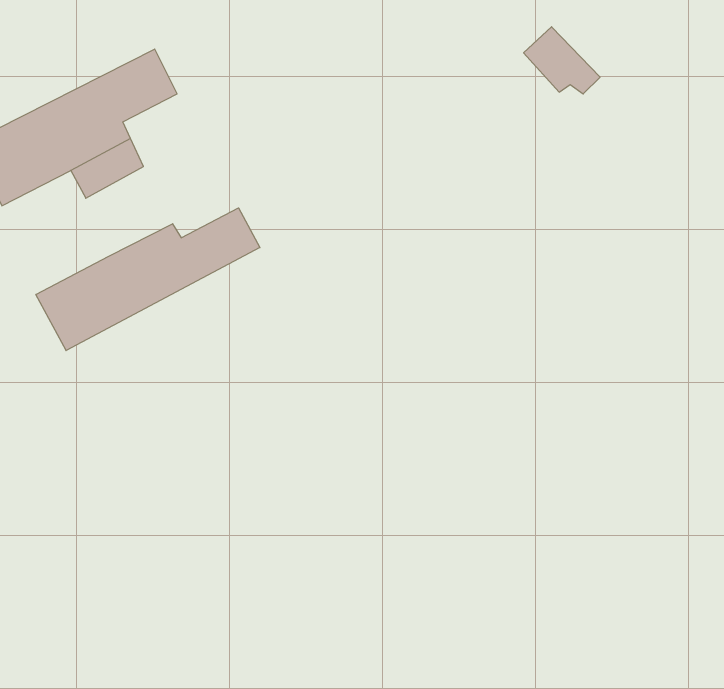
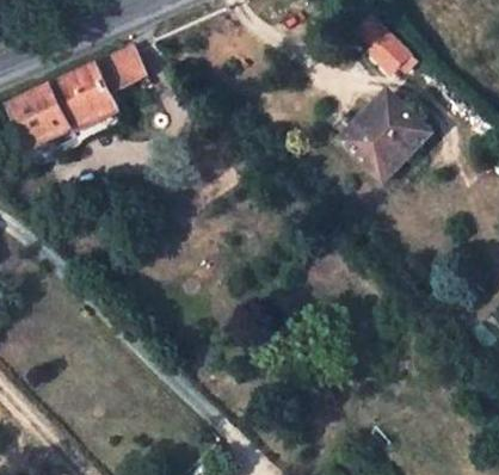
building: none -> [343,104,433,185]
building: [36,208,260,351] -> none

